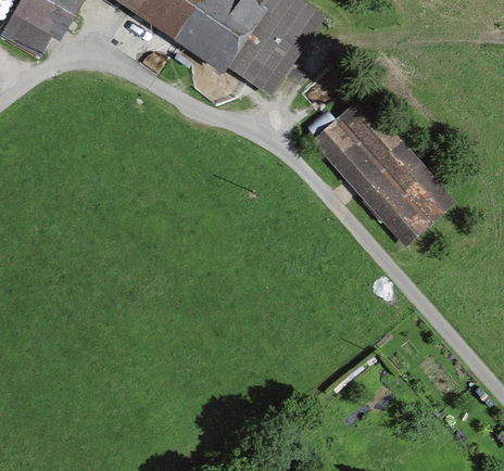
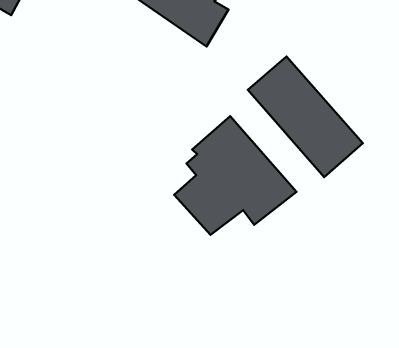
building: none -> [174,116,297,235]

